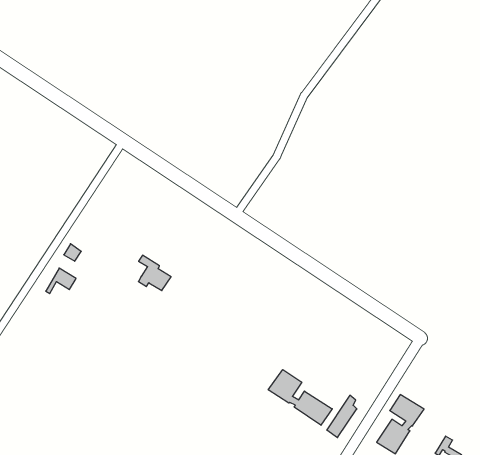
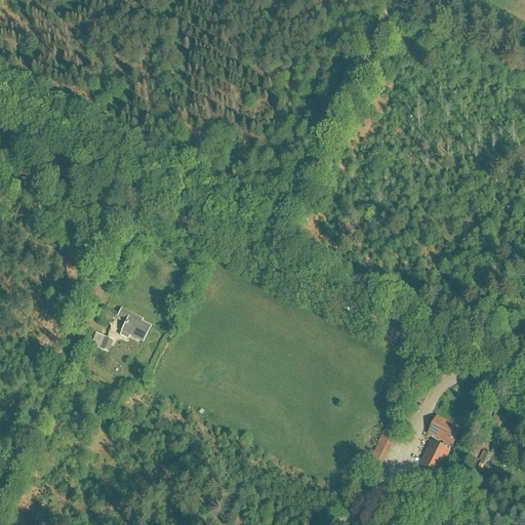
building: [138,255,171,291] -> [116,308,149,339]
building: [268,370,332,425] -> none

